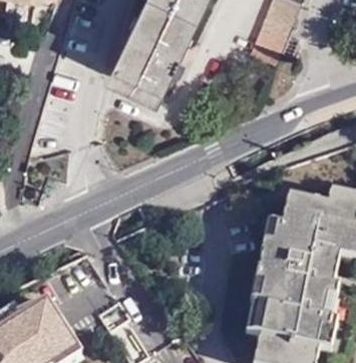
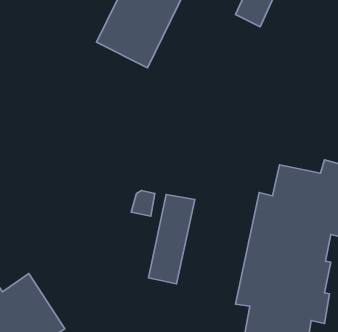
building: none -> [148,195,195,284]

